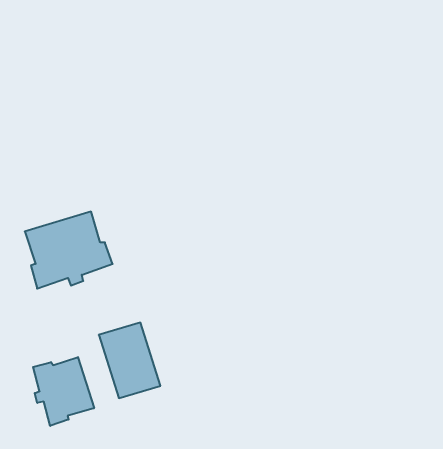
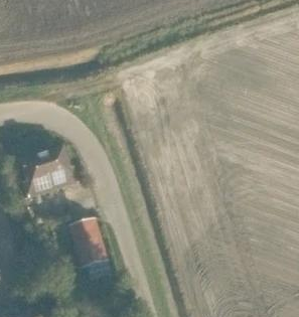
building: [33,357,94,426] -> none

